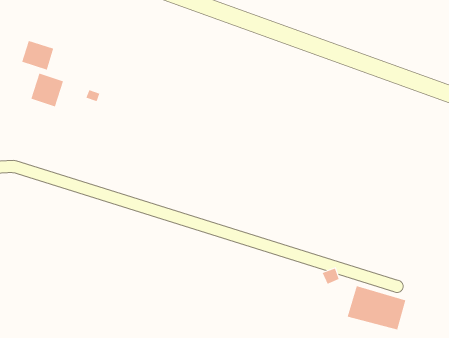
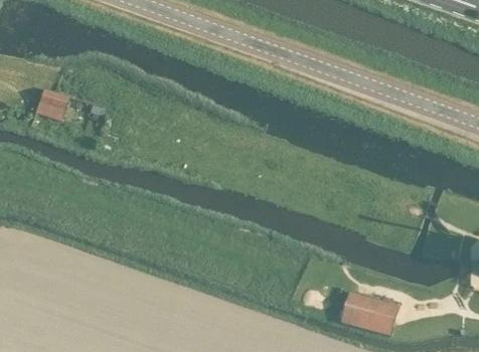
building: [22,40,54,70] -> none

